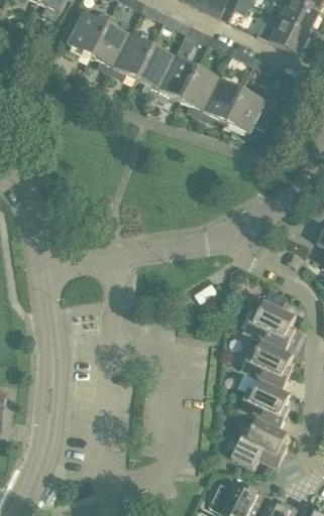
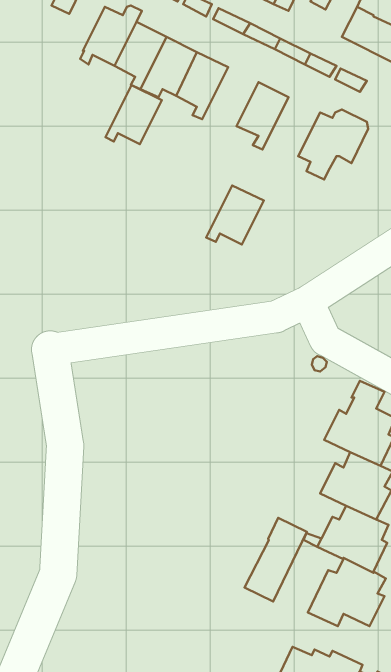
building: [152,56,194,100] -> [105,85,162,144]
building: [197,79,239,122] -> [206,186,264,245]
building: none -> [245,518,307,601]

